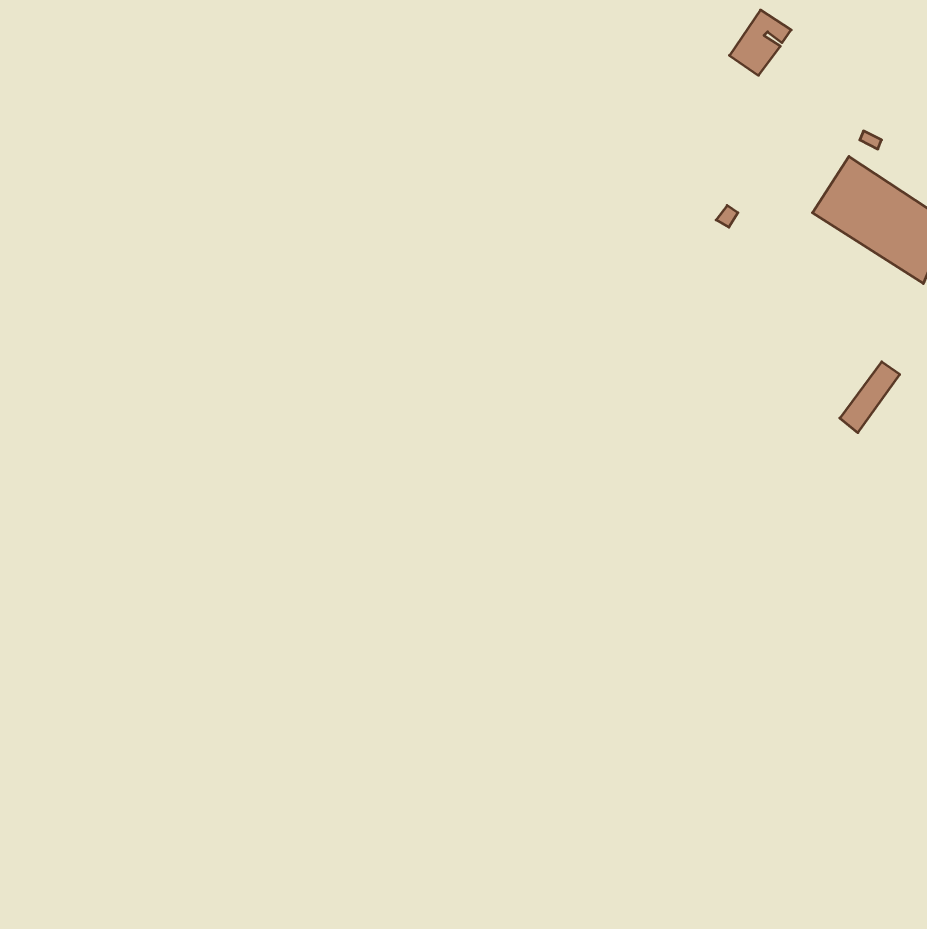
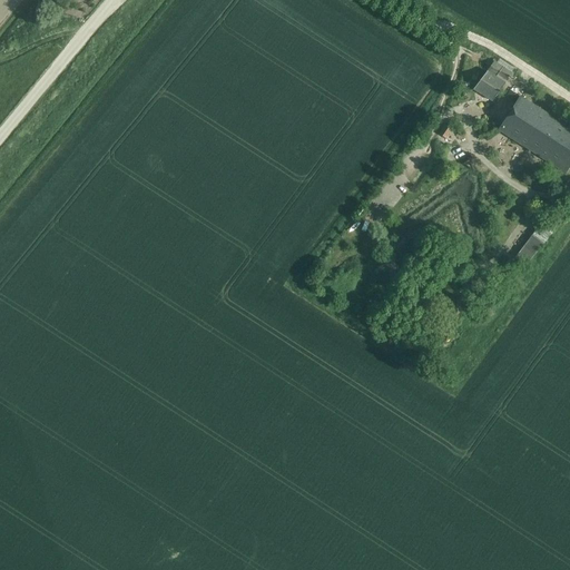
building: [729,10,791,75] -> [475,61,513,101]

